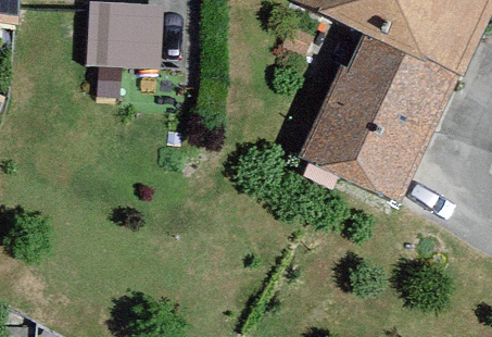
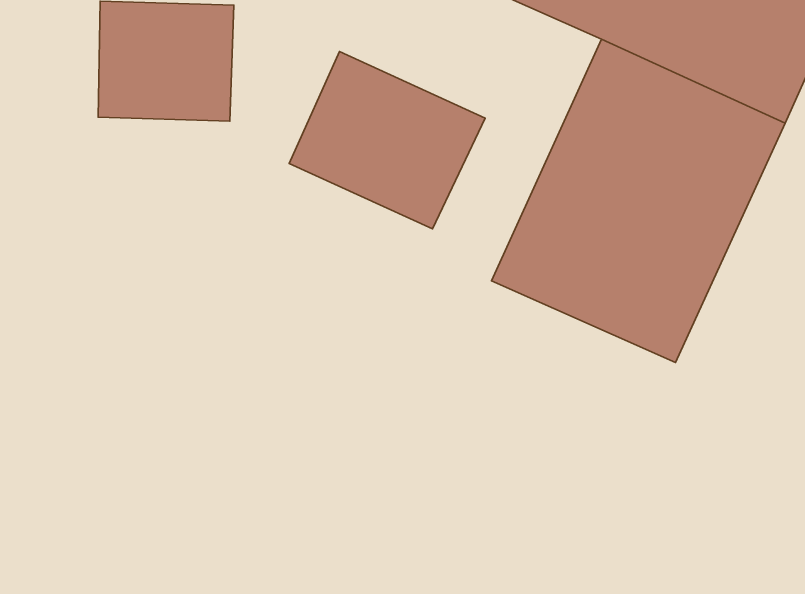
building: none -> [289,52,485,229]

